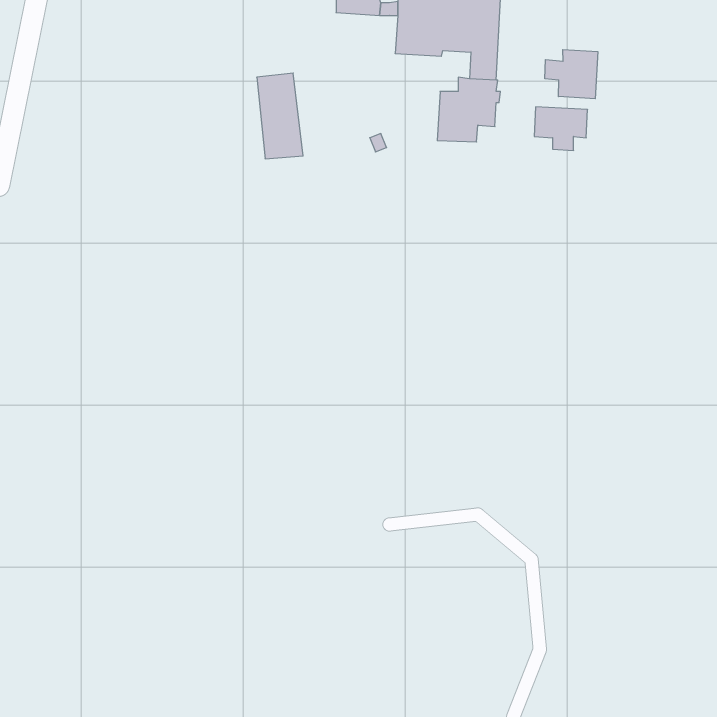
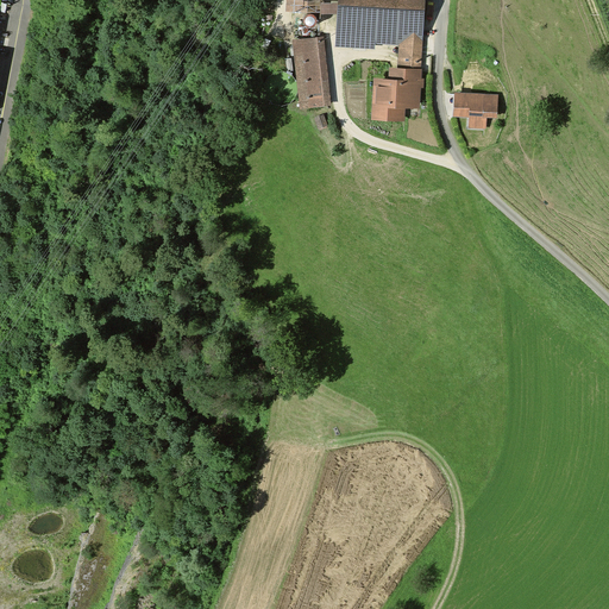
building: [545,50,598,99] -> none
building: [257,73,303,159] -> [291,34,331,107]

